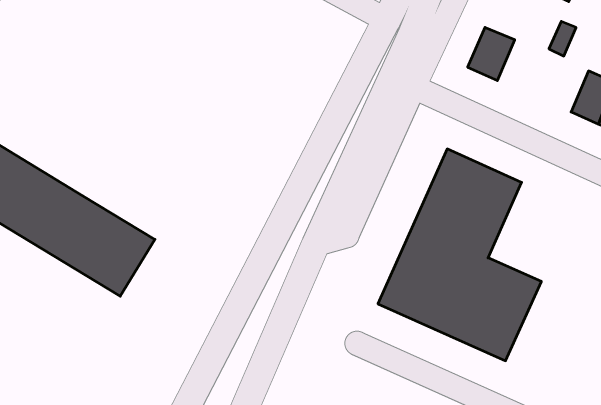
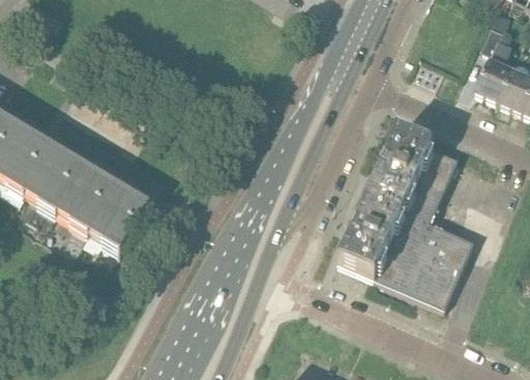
building: [468,27,515,81] -> [474,52,513,96]

